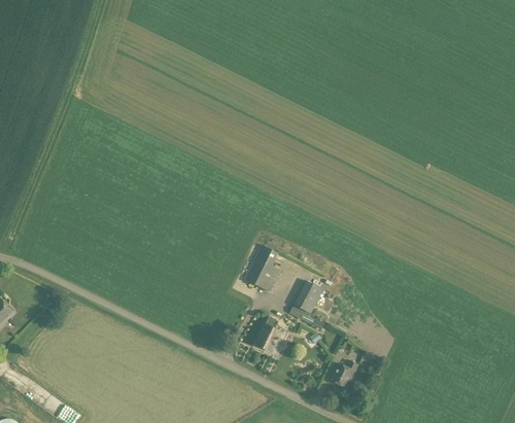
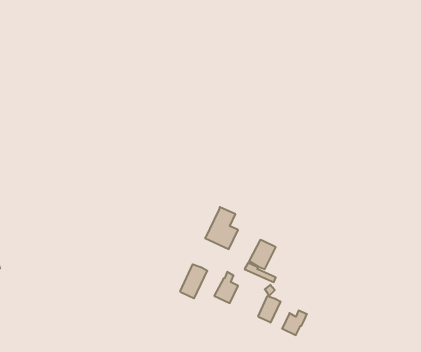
building: none -> [180,264,207,298]
building: none -> [258,296,280,323]

